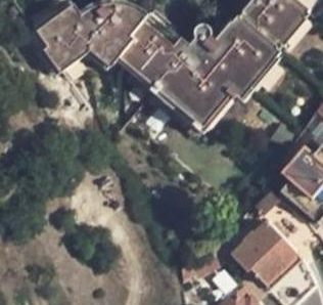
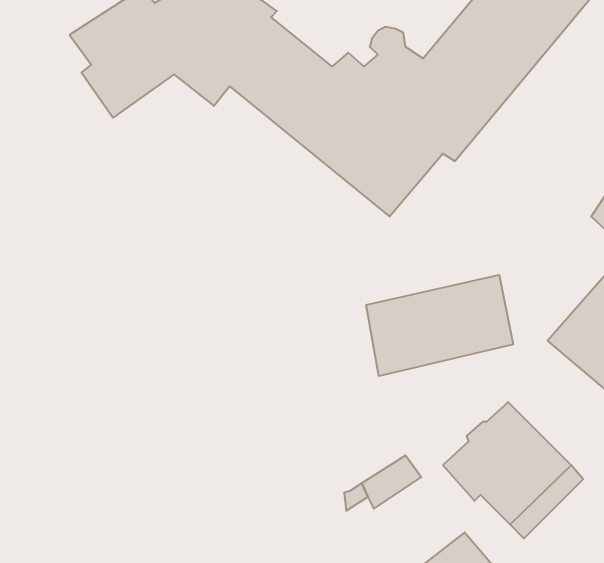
building: none -> [366,275,513,376]

